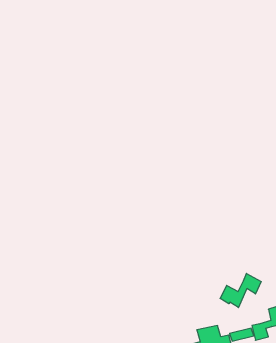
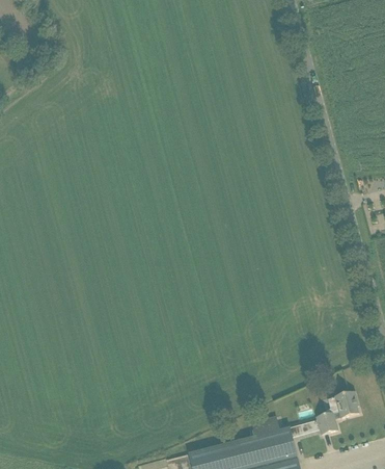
building: [220,273,261,308] -> none

